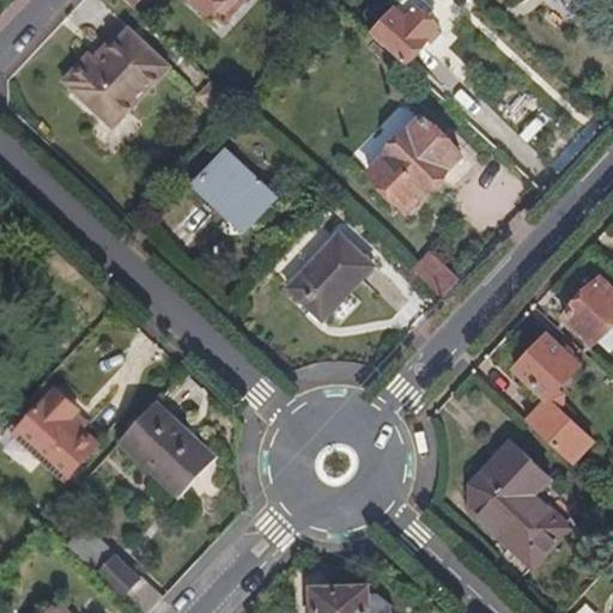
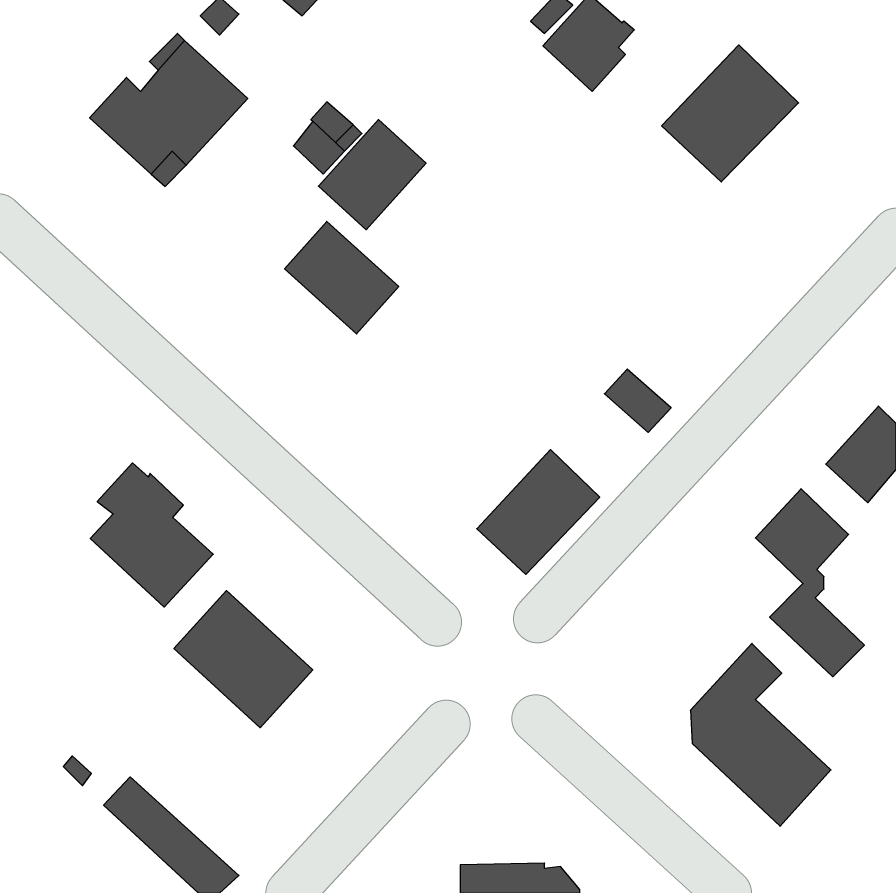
building: none -> [318,120,426,230]
building: [369,115,462,208] -> [662,45,799,182]
building: [287,232,371,317] -> [477,450,600,574]
building: [13,380,97,478] -> [90,463,213,607]

